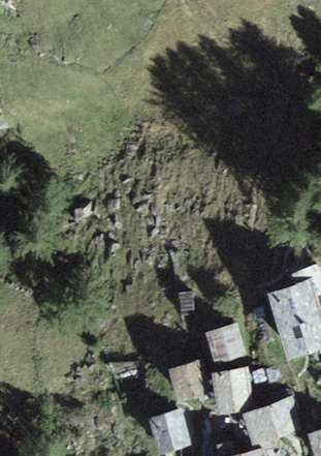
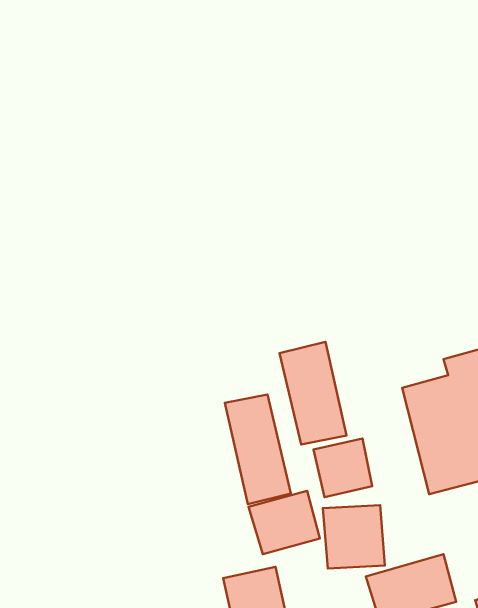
building: none -> [280,342,347,444]
building: none -> [225,395,291,504]

